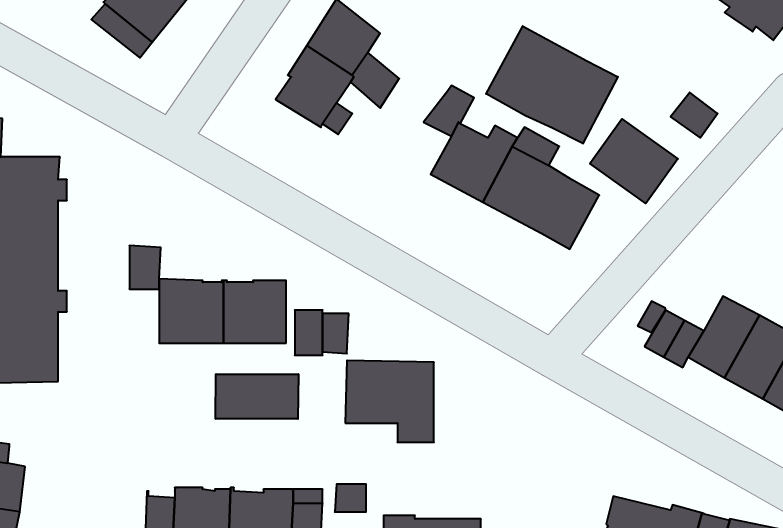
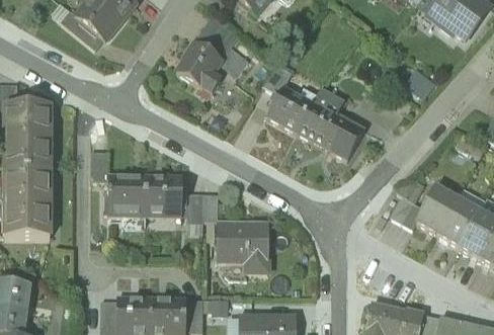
building: [486,26,618,144] -> none
building: [590,119,678,203] -> none
building: [216,374,298,419] -> none

